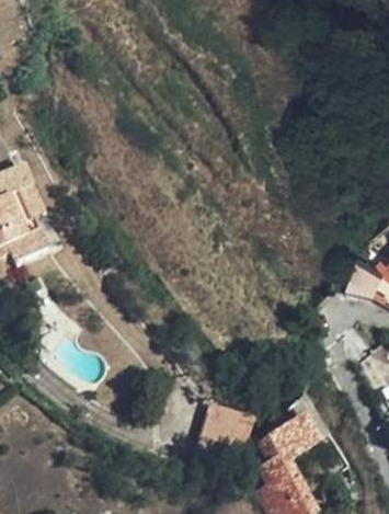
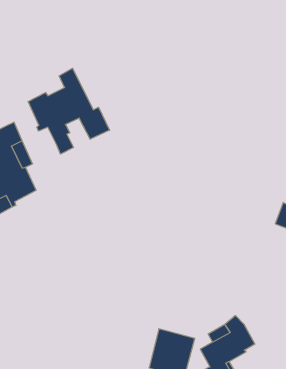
building: none -> [28,68,110,154]

